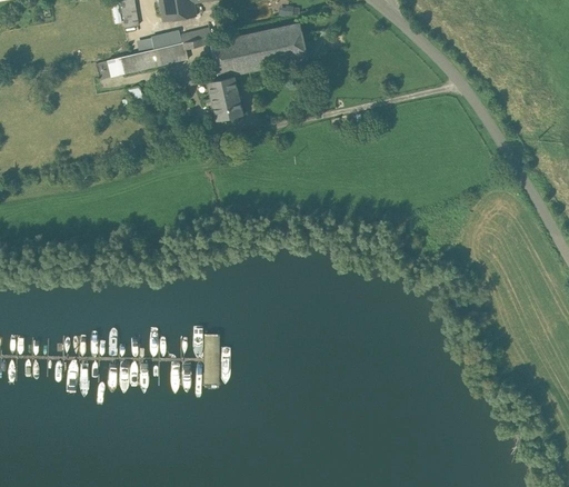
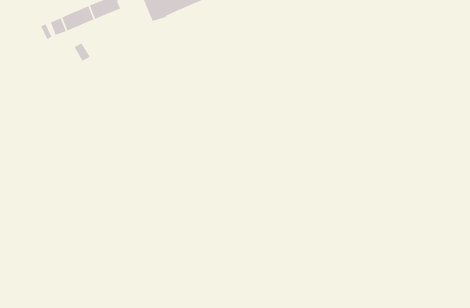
building: [208,76,243,119] -> none

